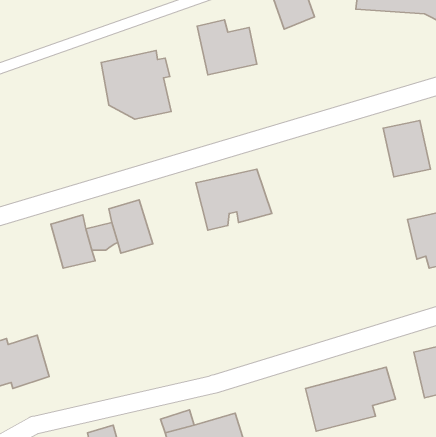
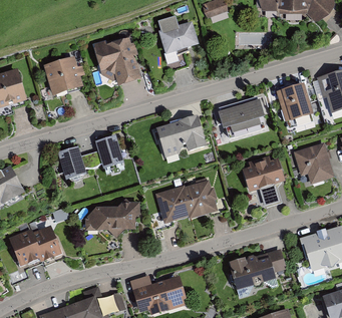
building: none -> [45,58,84,94]
building: none -> [216,98,266,134]
building: none -> [242,158,284,203]
building: none -> [156,179,220,223]
building: none -> [84,203,137,236]

